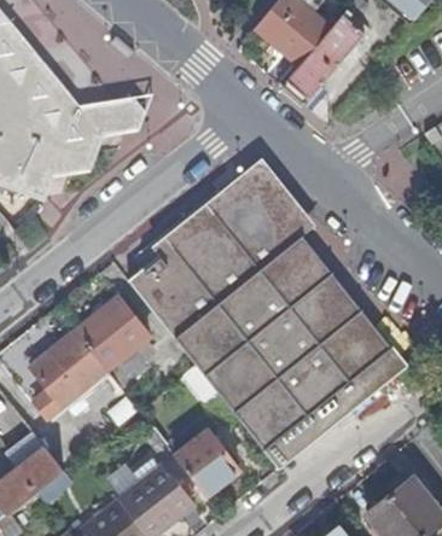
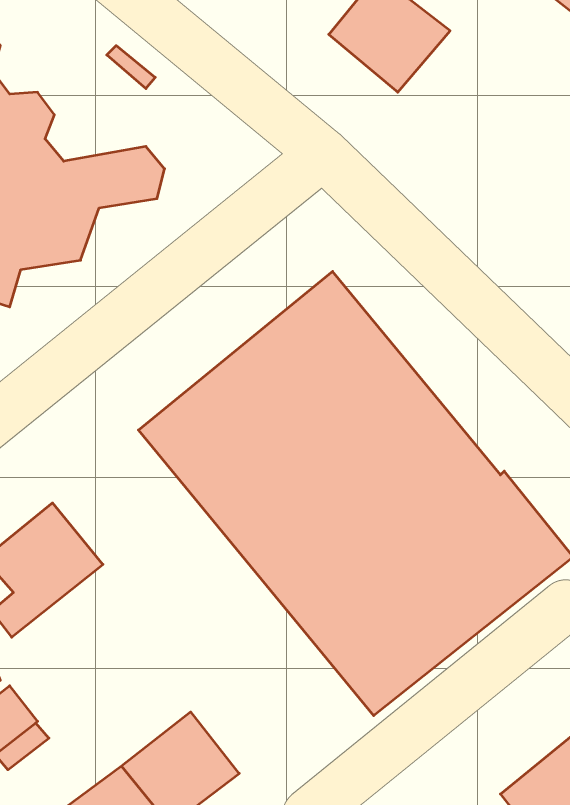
building: [286,12,362,95] -> none
building: [72,295,147,388] -> none
building: [175,427,239,493] -> none

